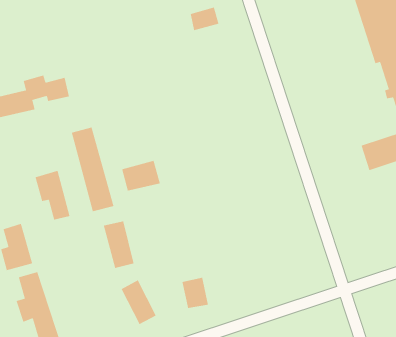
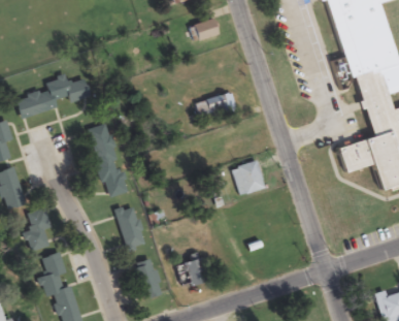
building: none -> [196,94,235,118]
building: [121,160,161,191] -> none
building: none -> [231,160,265,196]
building: [35,170,70,220] -> none

